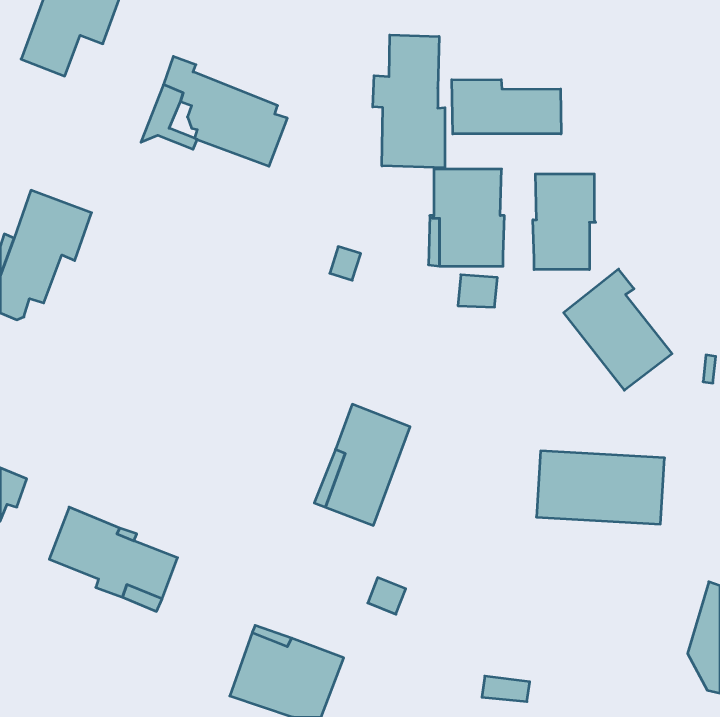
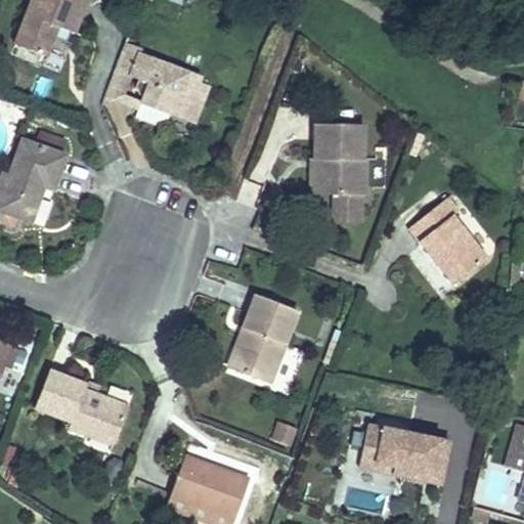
building: [373,35,445,168] -> none
building: [452,80,561,134] -> none
building: [533,174,596,270] -> none
building: [536,451,665,524] -> [348,429,441,482]

